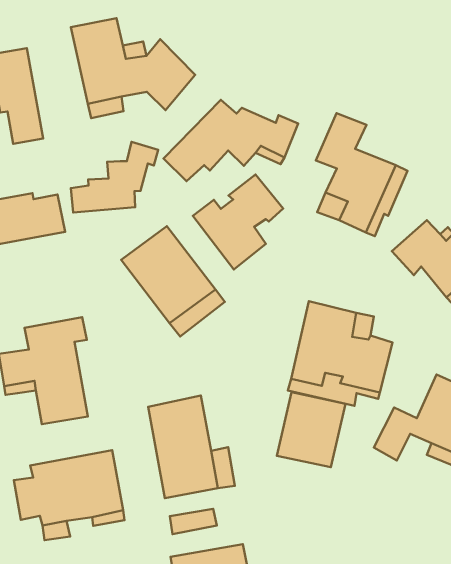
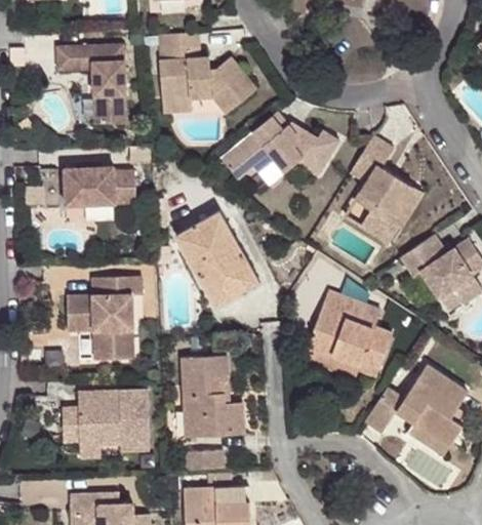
building: [71,142,158,213] -> none
building: [193,175,283,270] -> none
building: [277,392,345,467] -> none

